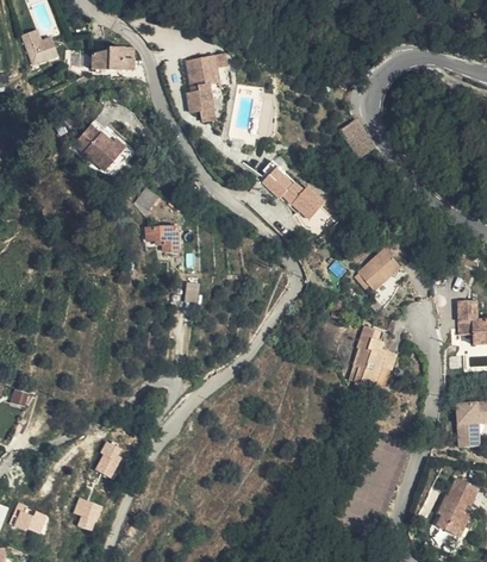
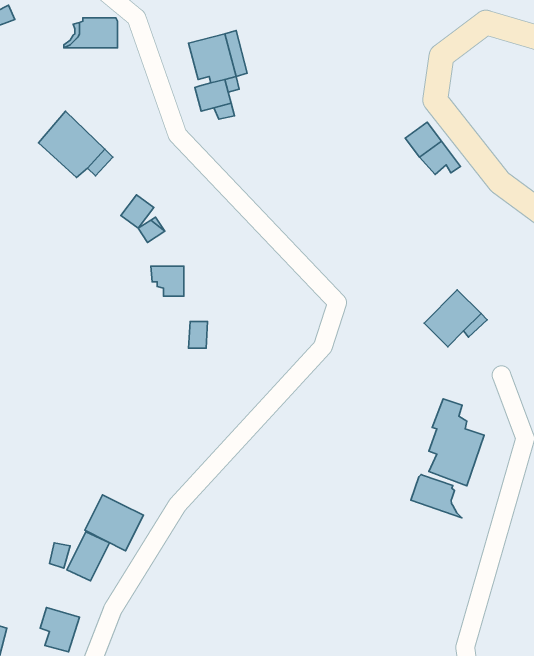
building: [255,157,318,216] -> none
building: none -> [411,475,462,518]
building: none -> [85,495,143,551]

